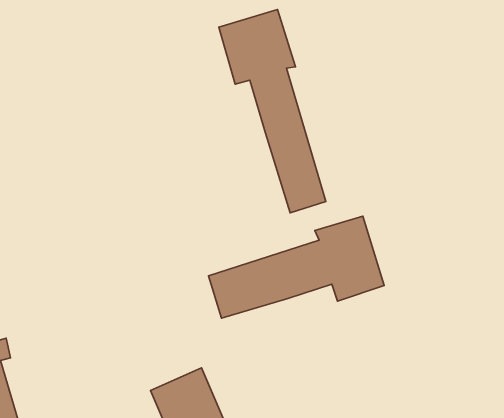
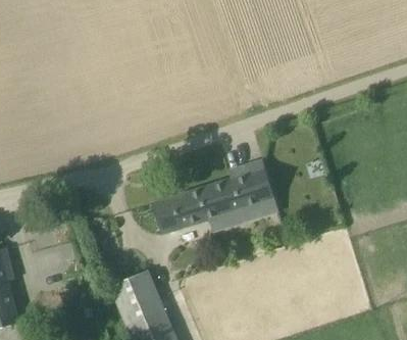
building: [219,9,326,213] -> none

